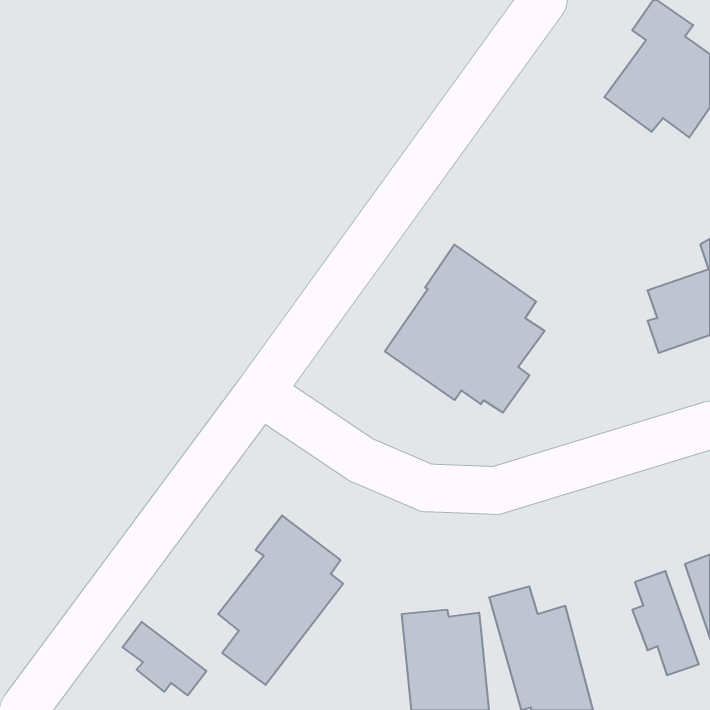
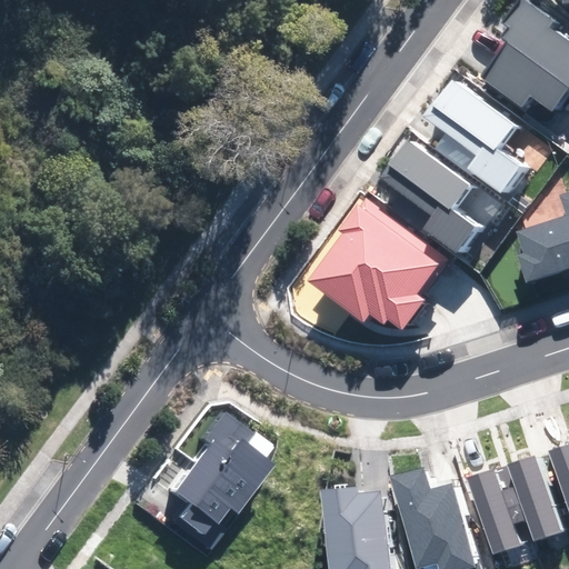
building: none -> [426,81,518,196]
building: none -> [383,140,476,254]
building: none -> [466,469,518,553]
building: [122,622,206,695] -> none

